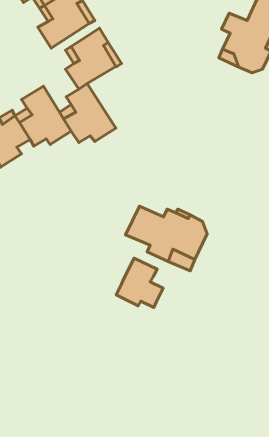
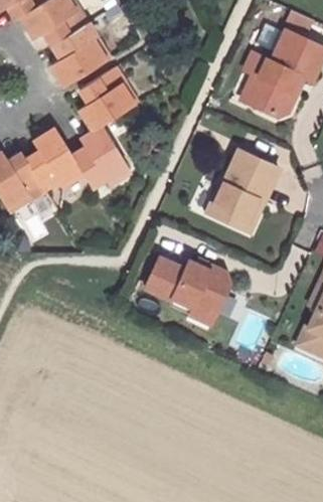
building: none -> [204,148,279,228]
building: [116,258,163,307] -> none

